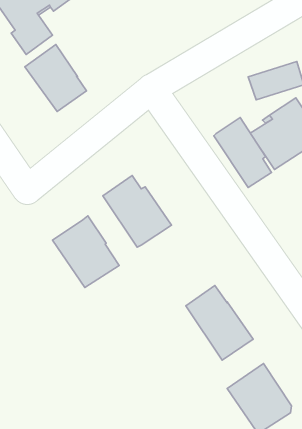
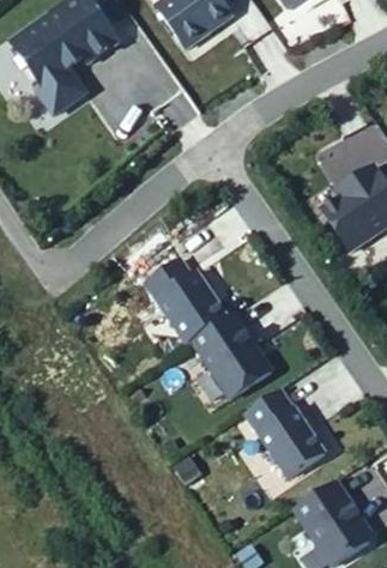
building: [25,45,87,111] -> none
building: [214,118,272,187] -> none
building: [53,216,119,288] -> [192,312,271,397]

